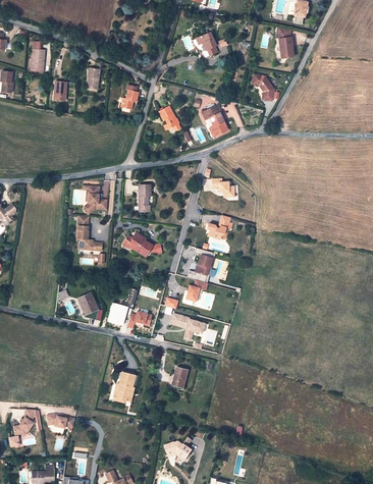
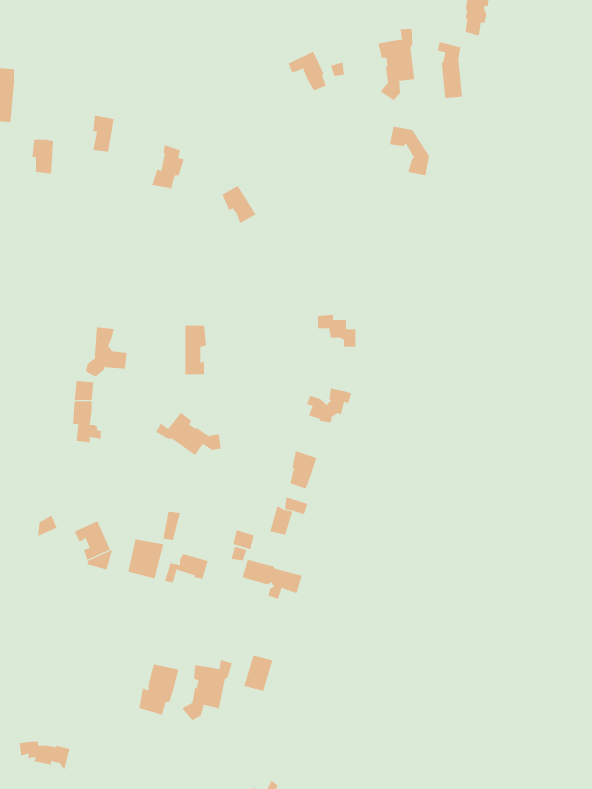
building: none -> [378,28,415,101]
building: [202,105,228,137] -> none
building: none -> [181,659,233,721]

